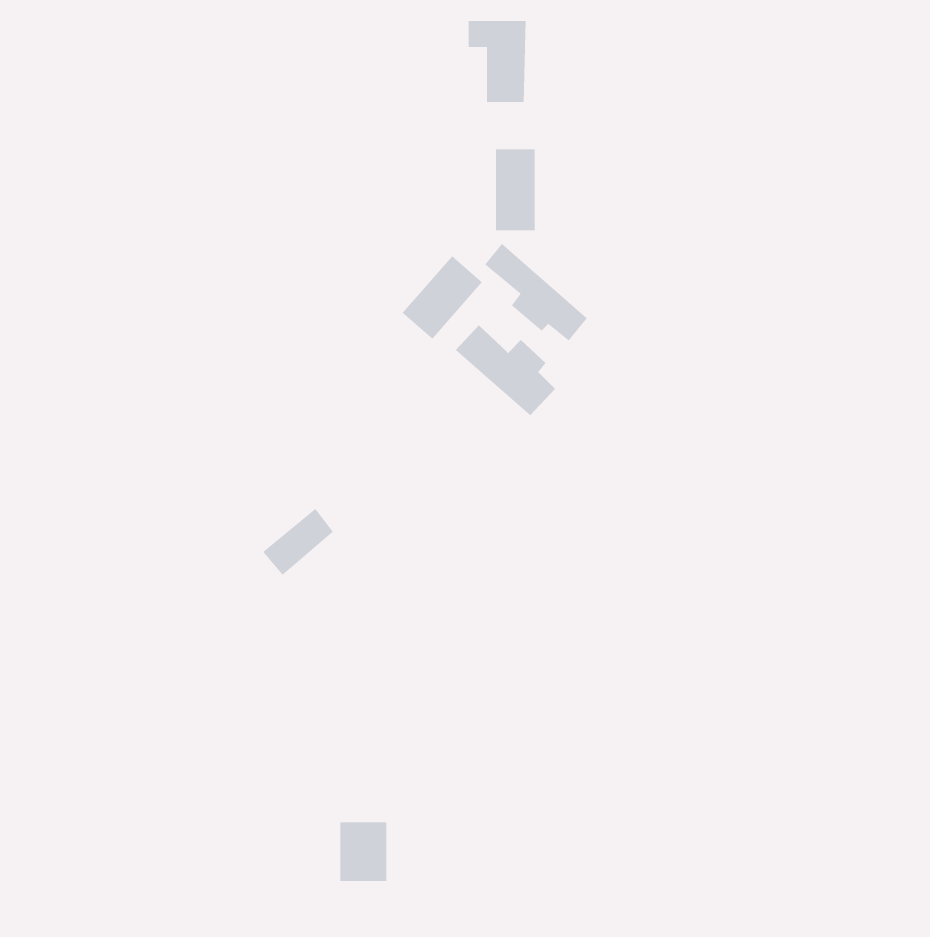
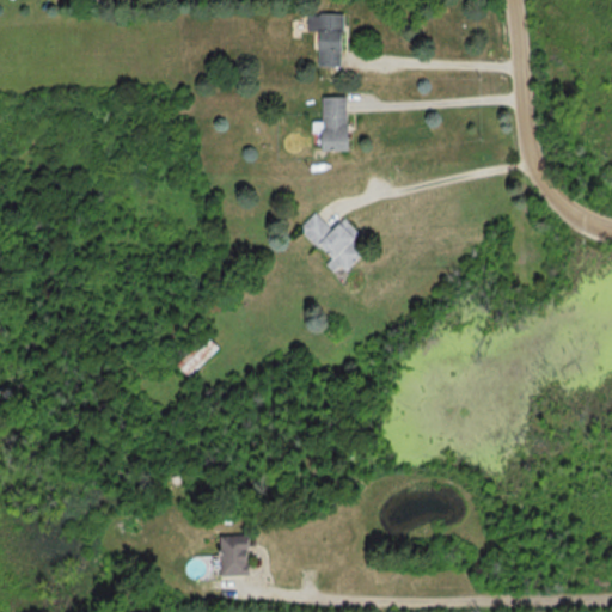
building: [484,243,588,342] -> none
building: [402,255,483,340] -> none

